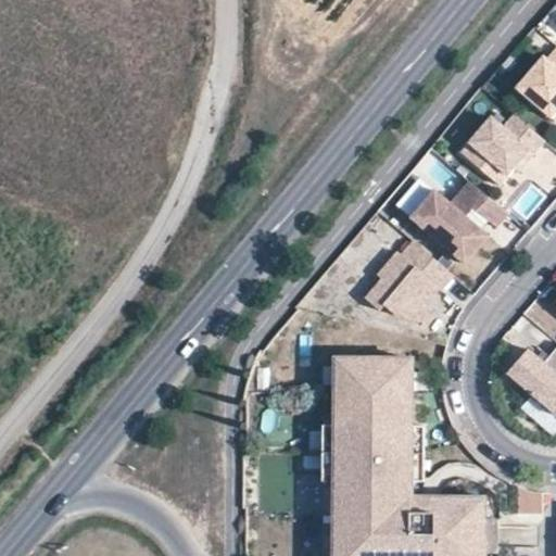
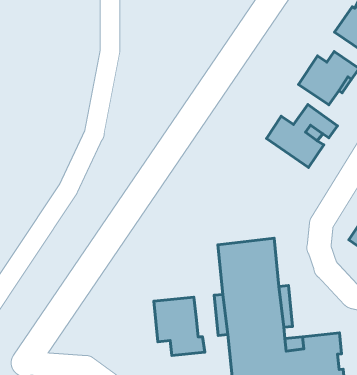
building: [367,241,454,321] -> none
building: none -> [154,297,205,355]

